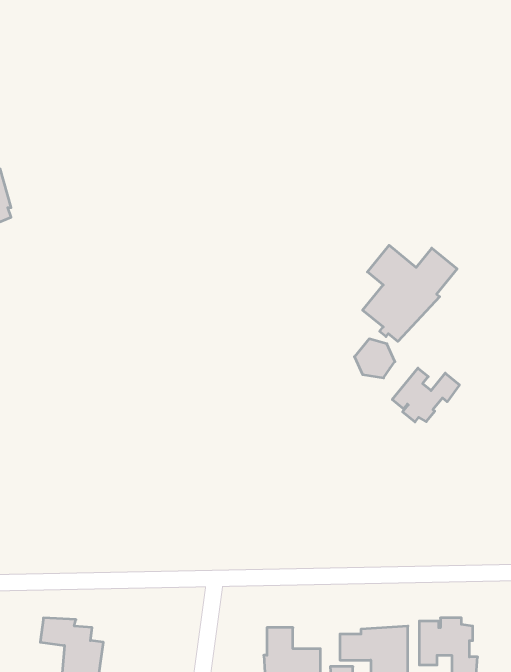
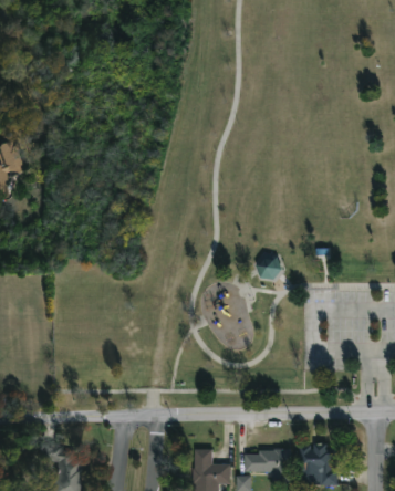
building: [363,245,457,341] -> none
building: [392,368,459,422] -> none

